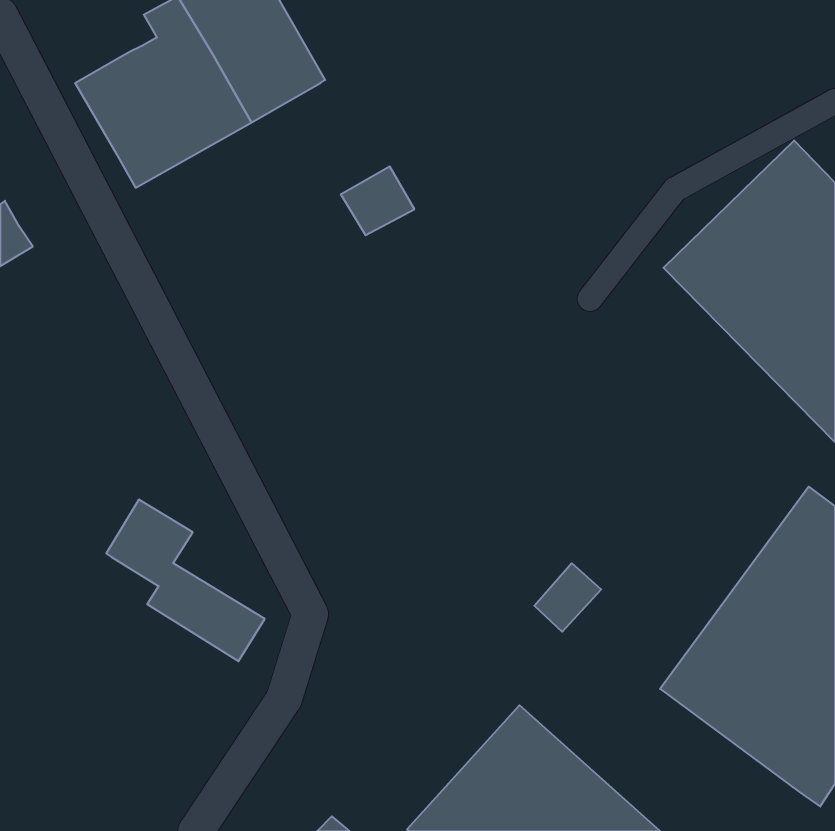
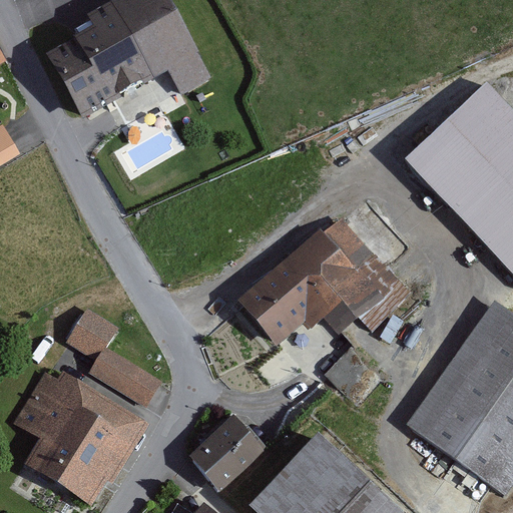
building: [341,167,414,235] -> [166,51,211,93]
building: none -> [236,216,411,345]
building: none -> [14,368,150,504]
building: none -> [191,420,265,490]

